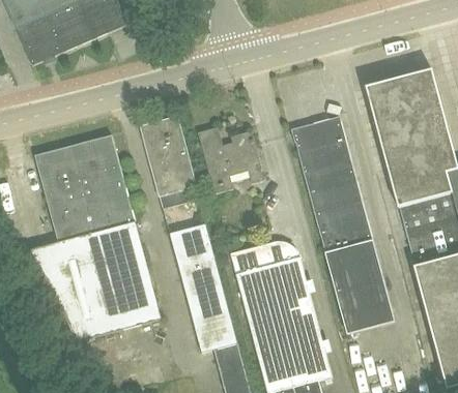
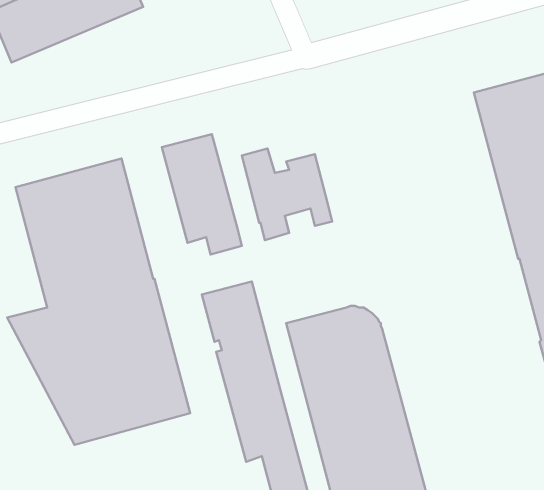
building: [292,119,394,333] -> none

